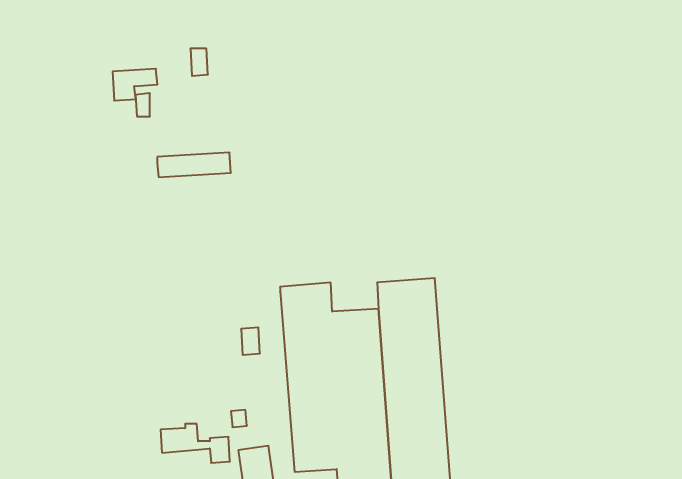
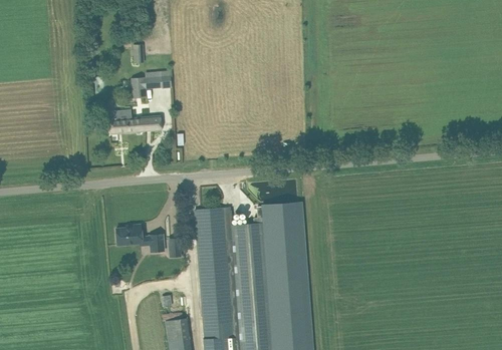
building: [113,69,157,101] -> [131,76,162,98]
building: [161,424,230,463] -> [115,225,164,252]

